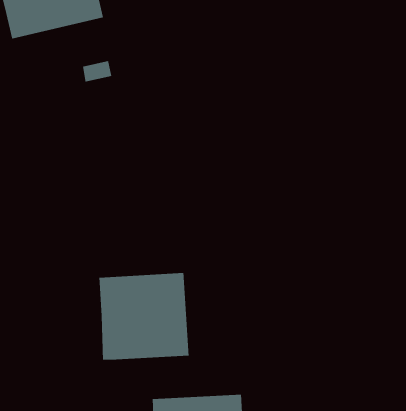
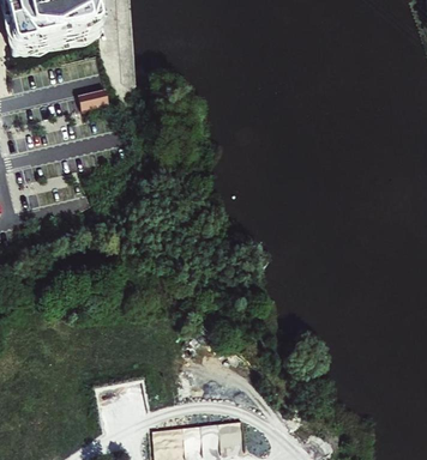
building: [99,272,189,360] -> none

